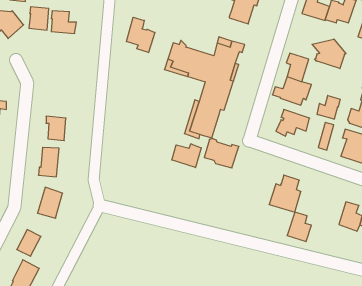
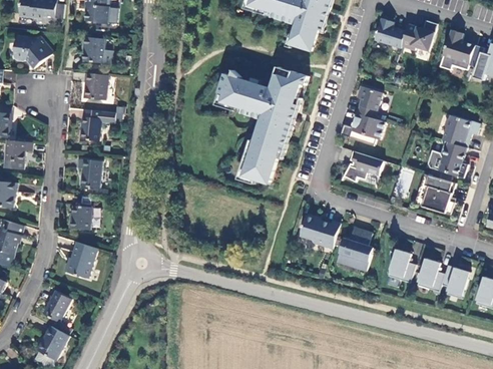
building: [29,7,49,30] -> [83,72,106,99]
building: [126,17,155,53] -> none
building: [312,39,346,69] -> none
building: none -> [79,108,114,140]
building: [317,95,340,119] -> none
building: [204,139,239,168] -> [300,214,340,248]
building: [172,144,201,168] -> none
building: [287,212,311,242] -> [387,249,415,283]

